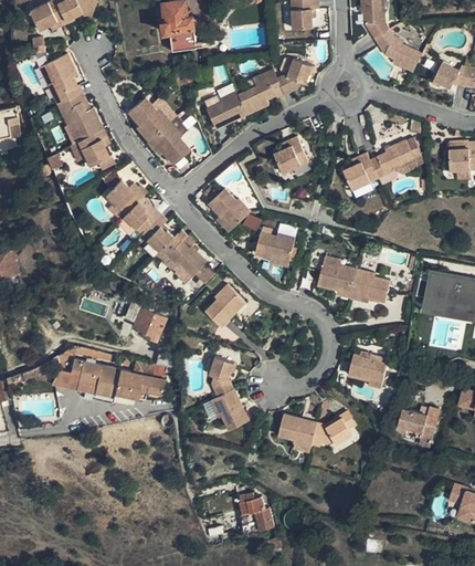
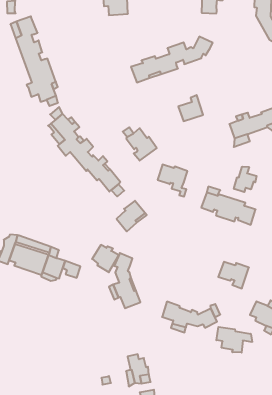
building: [127,97,189,166] -> none
building: none -> [234,167,257,192]
building: [131,308,167,344] -> [92,245,119,272]
building: none -> [216,327,252,353]

